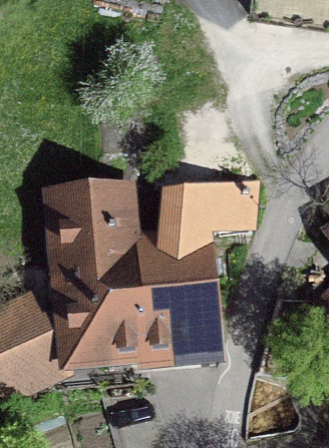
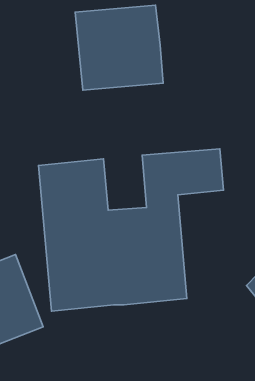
building: none -> [75,5,163,90]

